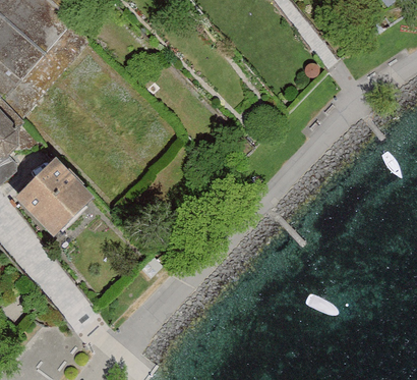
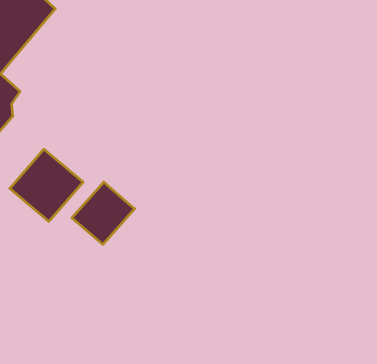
building: none -> [72,182,135,244]

